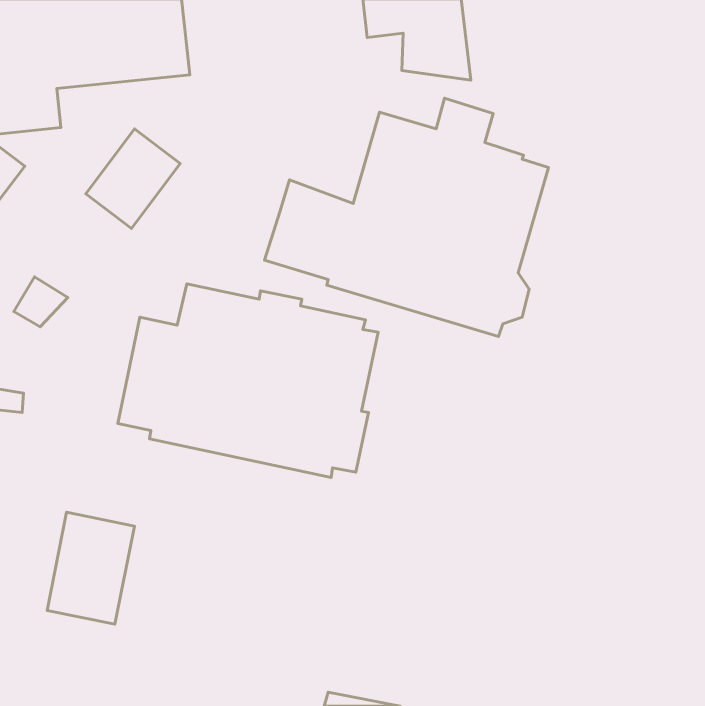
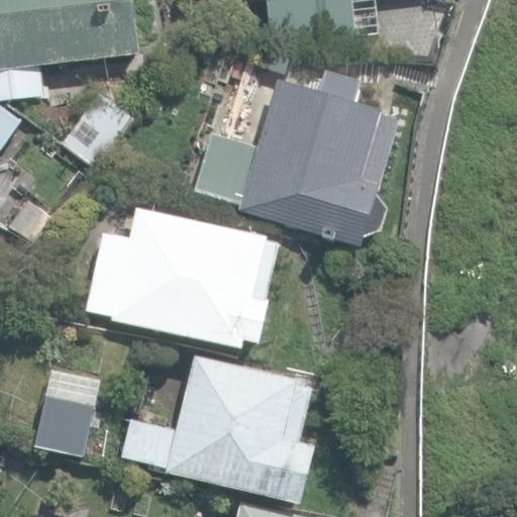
building: none -> [122,356,311,502]

